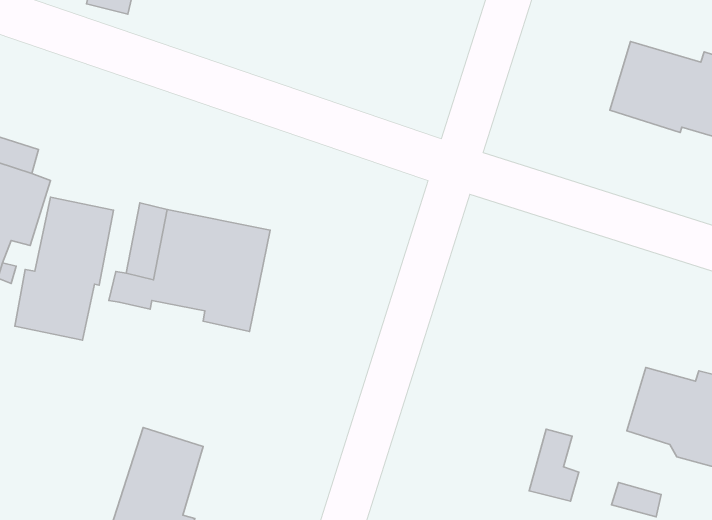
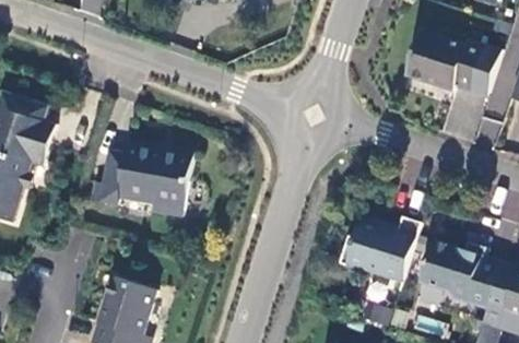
building: [15,197,114,340] -> none
building: none -> [339,218,421,282]

